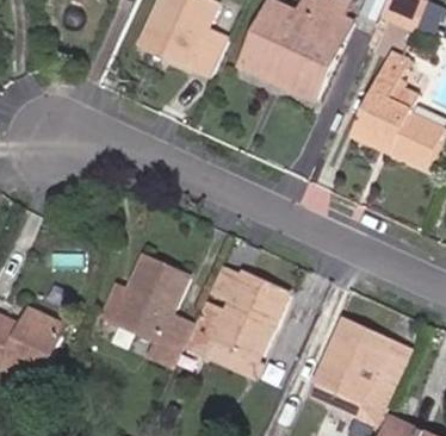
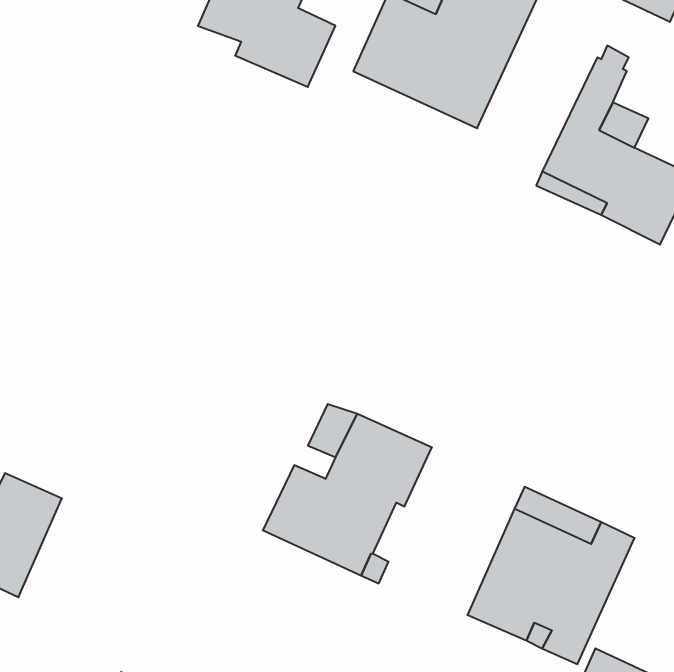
building: [100,255,188,363] -> none

